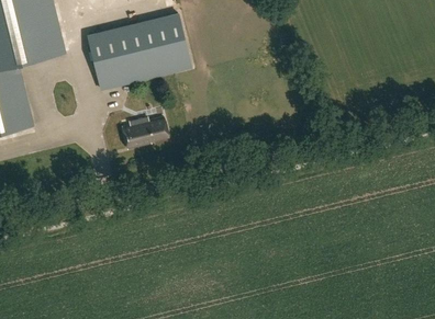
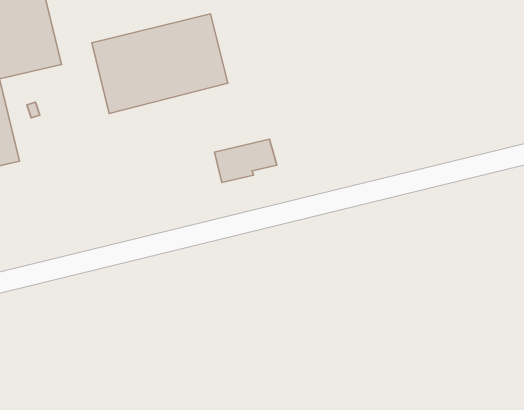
building: [121,116,168,149] -> [214,139,277,182]

